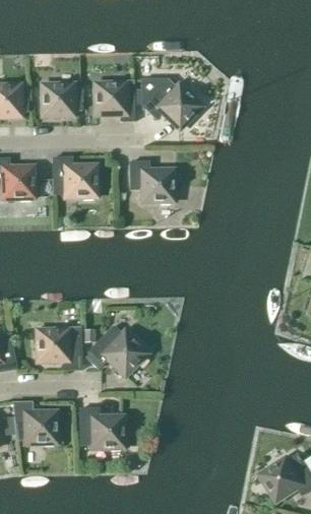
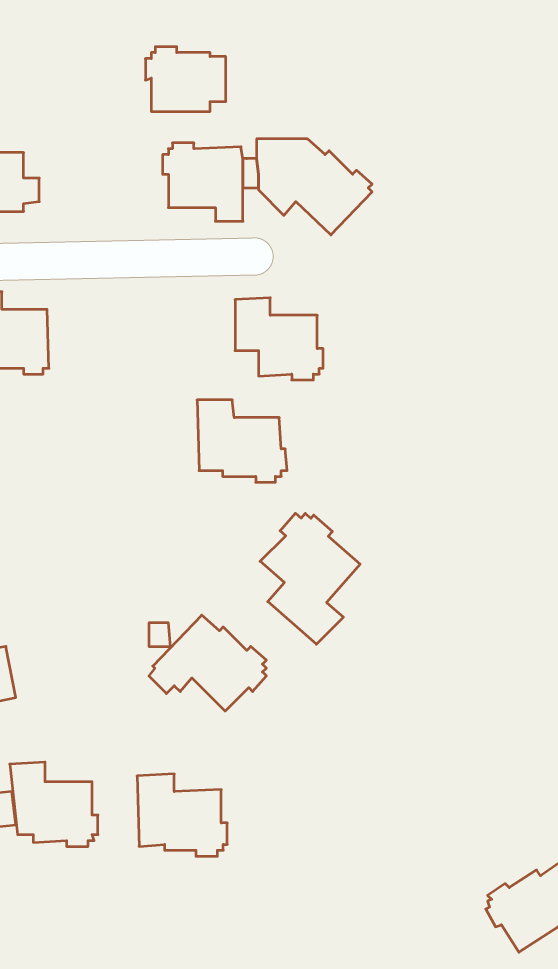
building: [40,81,81,115] -> [145,47,226,111]
building: [53,156,100,199] -> [197,400,287,482]
building: none -> [260,513,360,644]
building: [35,327,81,370] -> none

